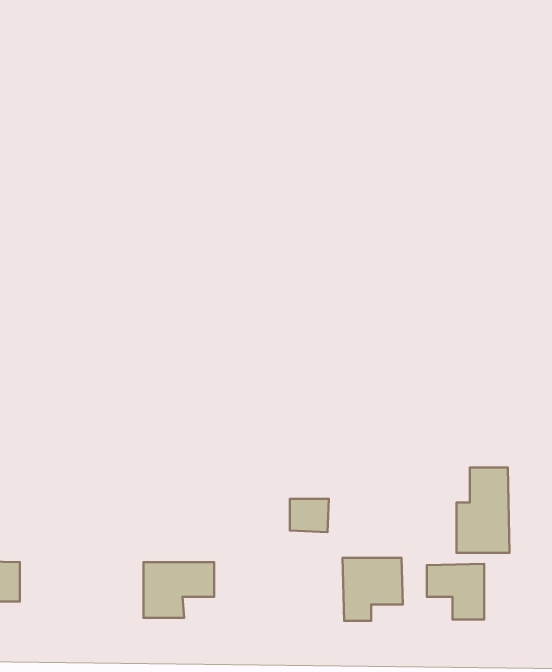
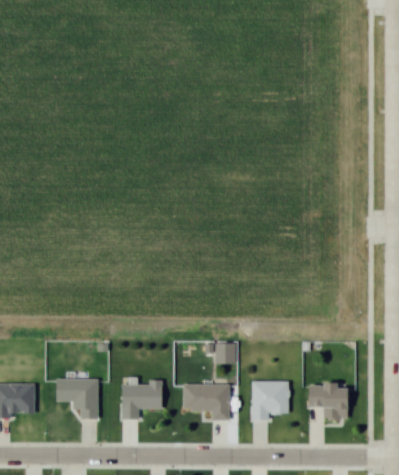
building: [456,467,509,553] -> none
building: none -> [61,380,104,419]
building: none -> [189,386,236,422]

